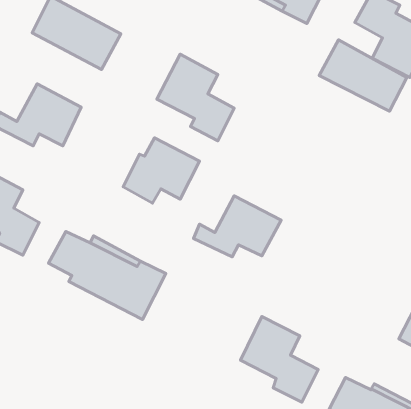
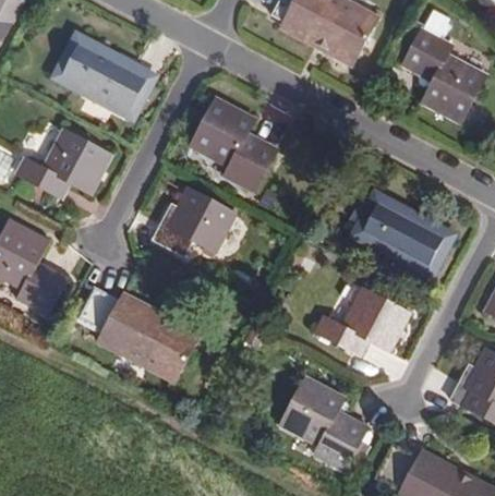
building: [319,40,407,111] -> [357,194,450,270]
building: [193,196,281,257] -> [316,287,410,352]

